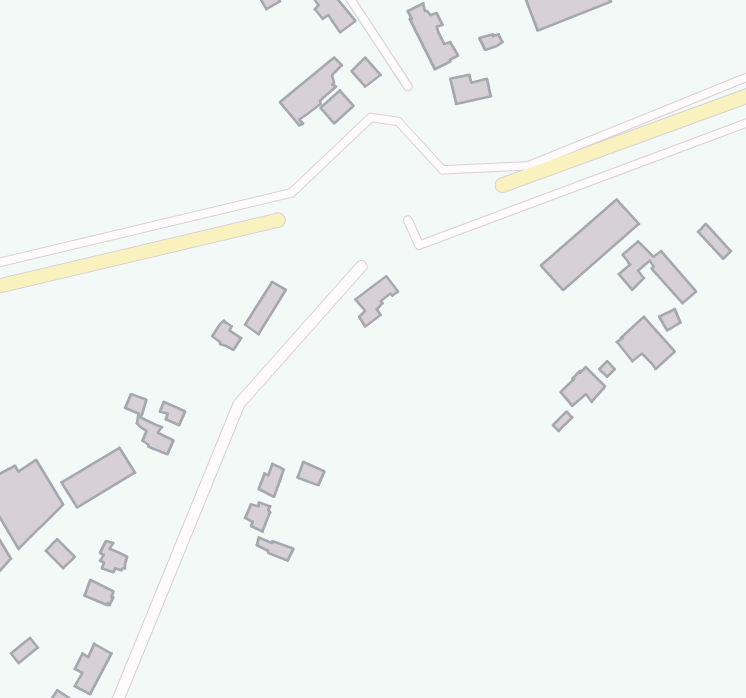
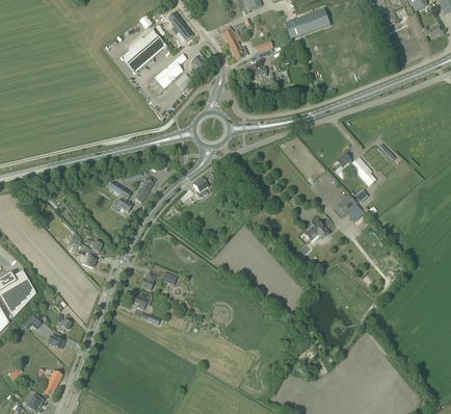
building: none -> [121,28,166,73]
building: [541,199,639,290] -> none
building: [61,448,135,507] -> none

